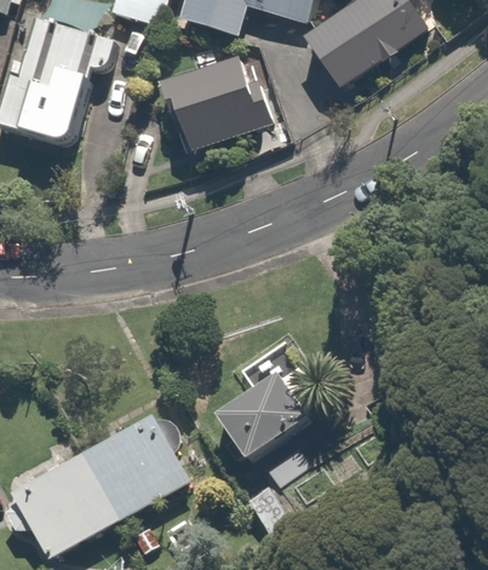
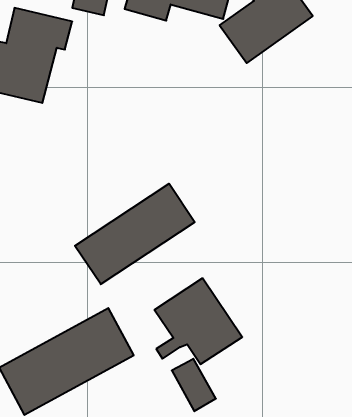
building: [165,62,264,144] -> none
building: none -> [75,184,195,284]

